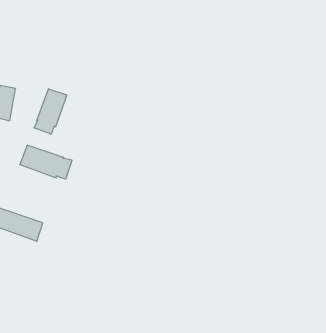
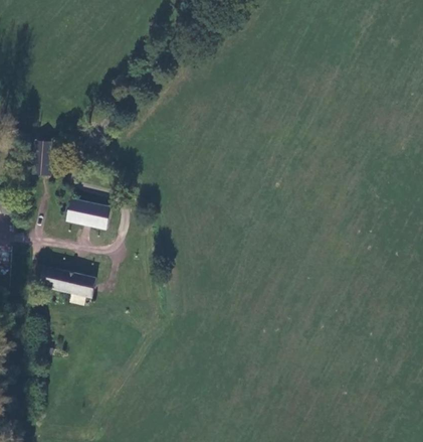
building: [34,89,67,134] -> none

